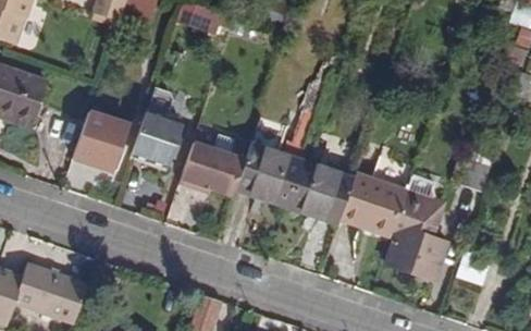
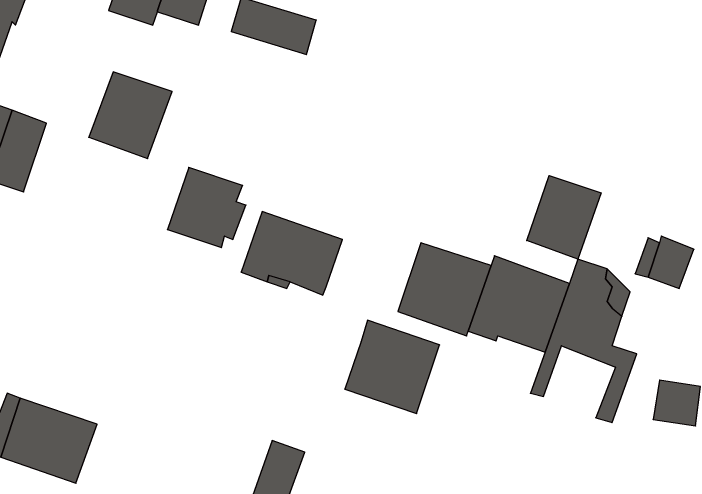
building: [72,112,127,170] -> [89,72,172,159]
building: none -> [527,176,601,259]
building: [236,146,299,208] -> [345,320,440,414]
building: [381,231,429,279] -> none

